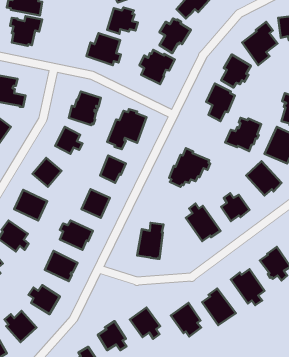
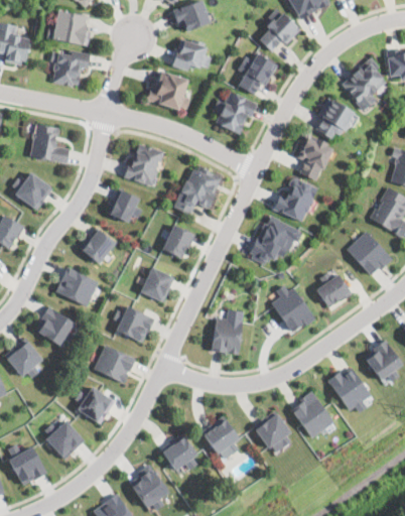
building: [225,118,261,151] -> [273,178,318,221]

